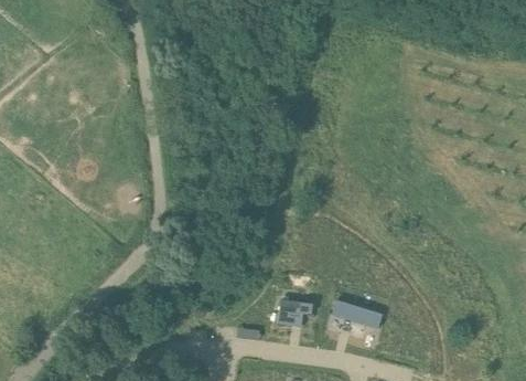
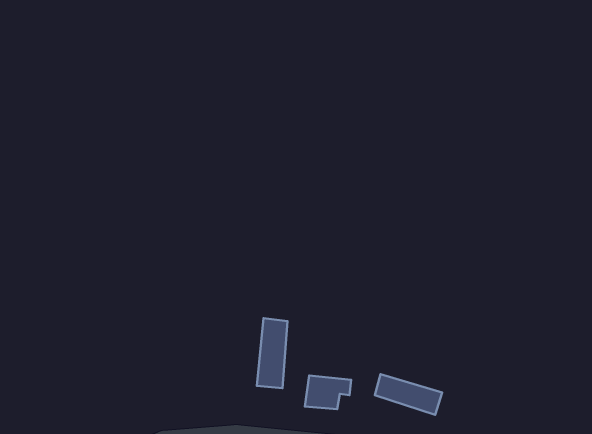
building: none -> [257,318,287,388]

